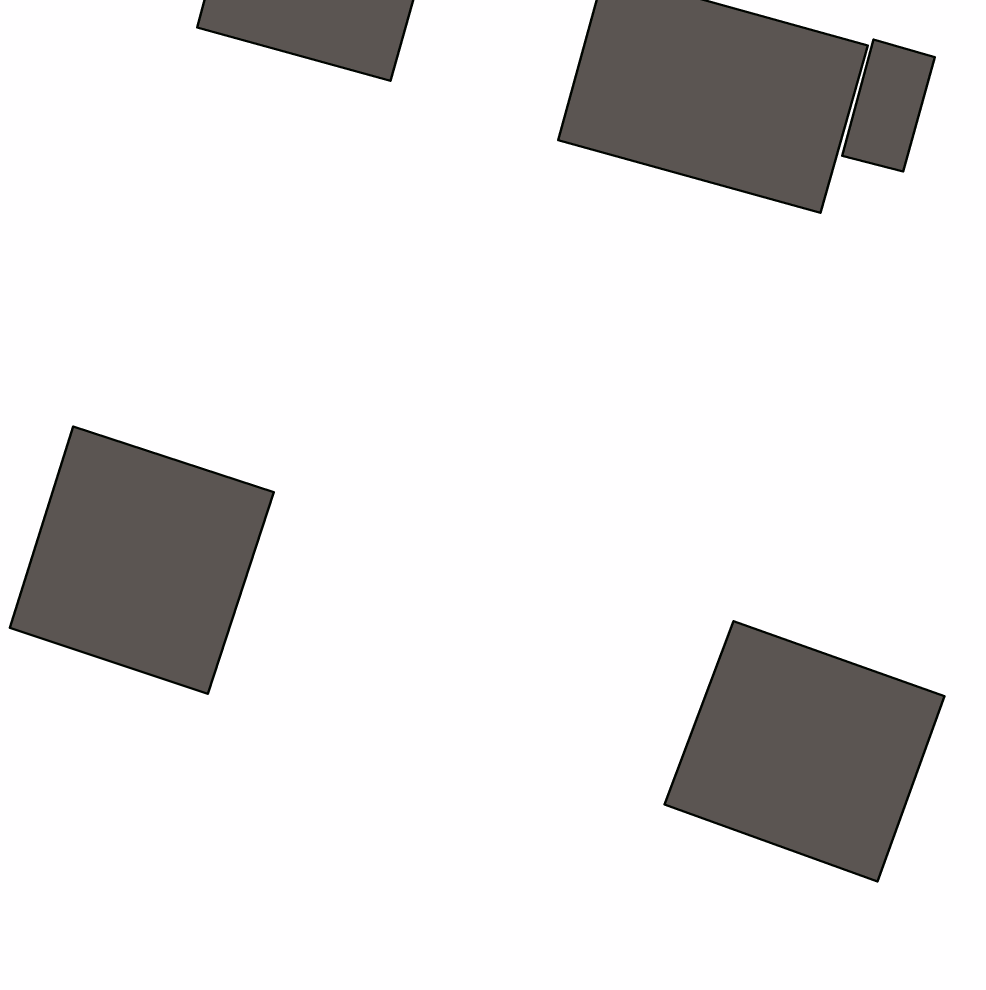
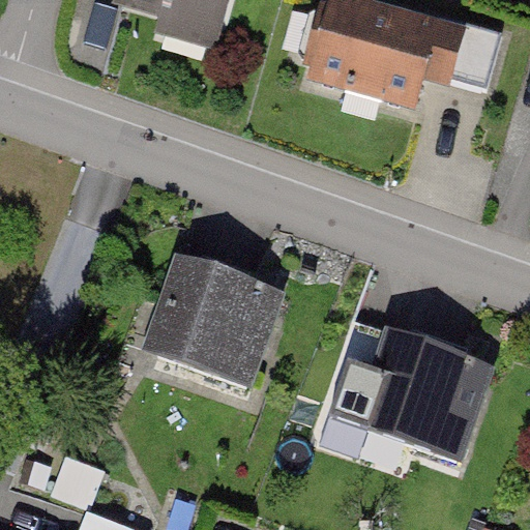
building: [10,427,274,694] -> none
building: none -> [144,251,288,381]

